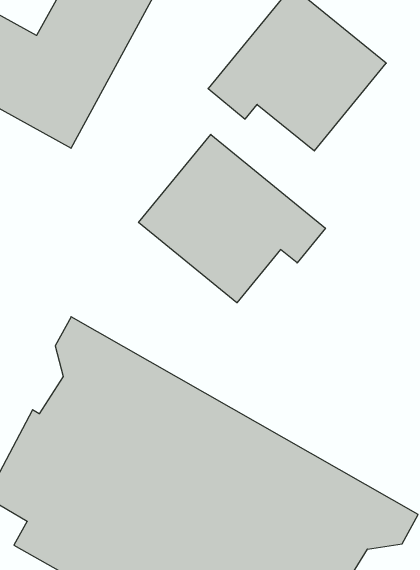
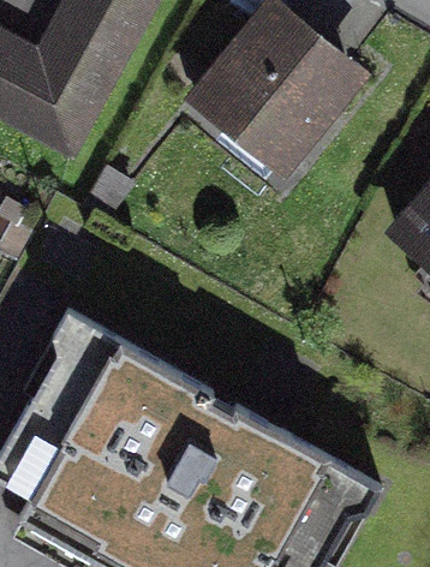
building: [139,134,325,303] -> none

